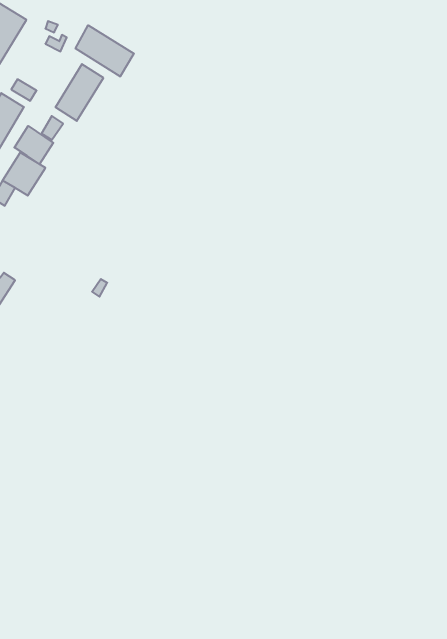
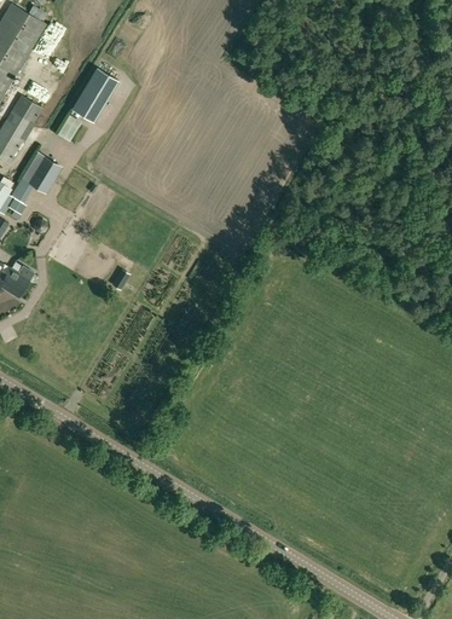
building: [76,25,134,77] -> none
building: [14,126,53,164] -> none

